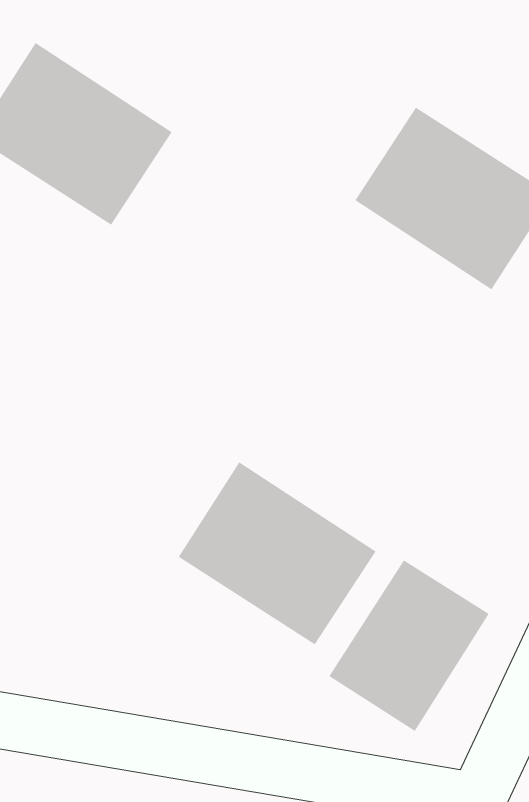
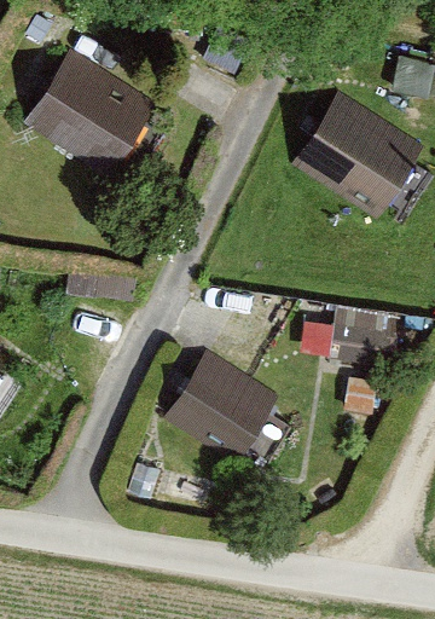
building: [329,559,490,732] -> none

